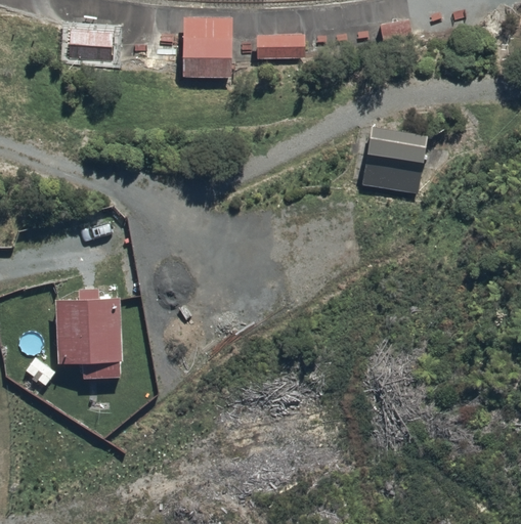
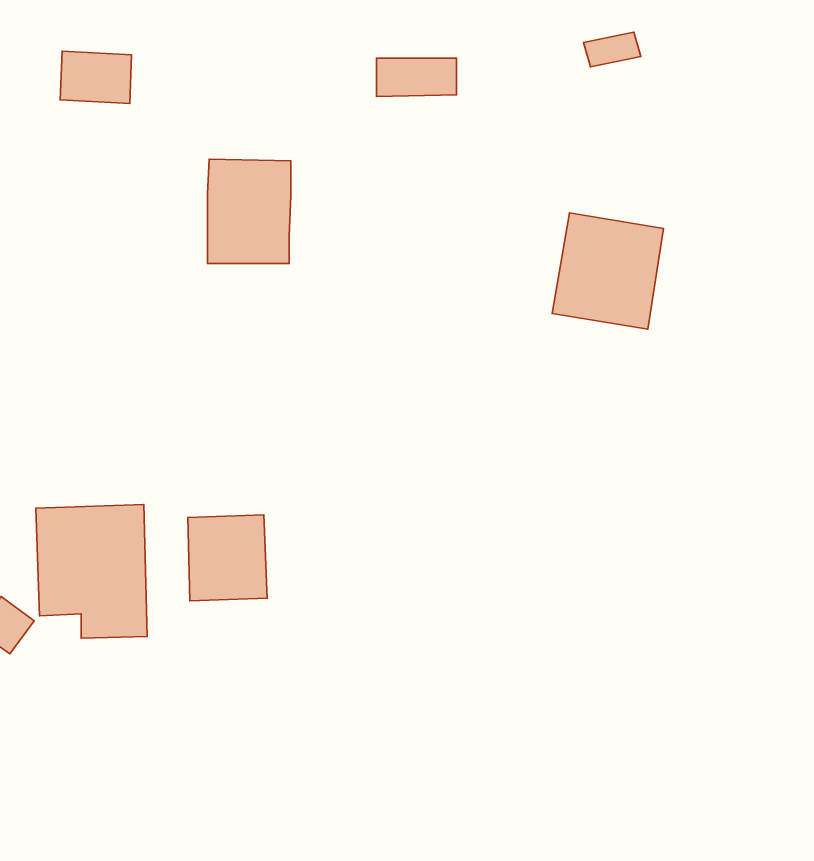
building: [183,16,232,78] -> [207,159,291,263]
building: none -> [188,515,267,601]

